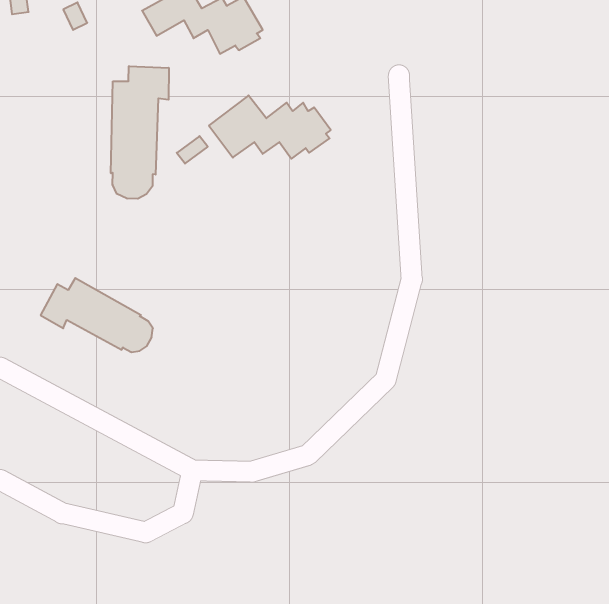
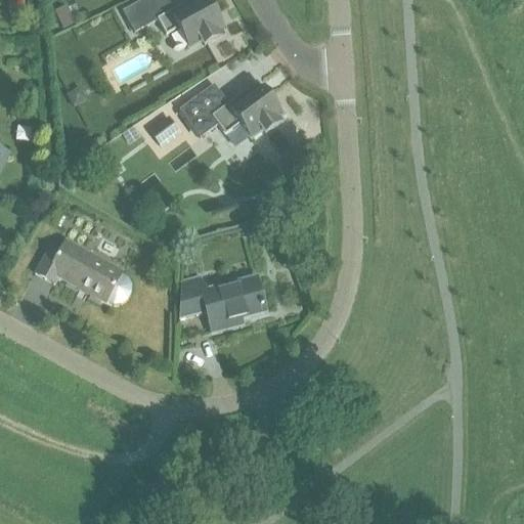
building: [111,66,169,199] -> none
building: none -> [179,272,265,322]

